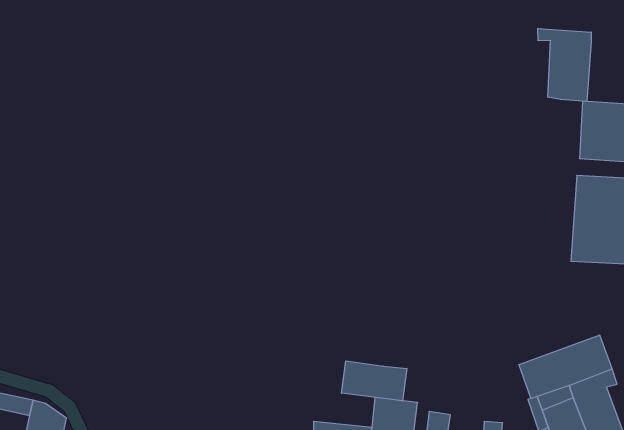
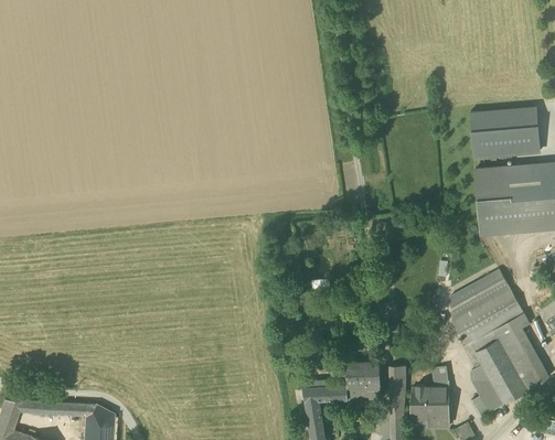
building: [538,28,591,101] -> none
building: none -> [451,269,511,321]
building: [342,361,407,401] -> none

